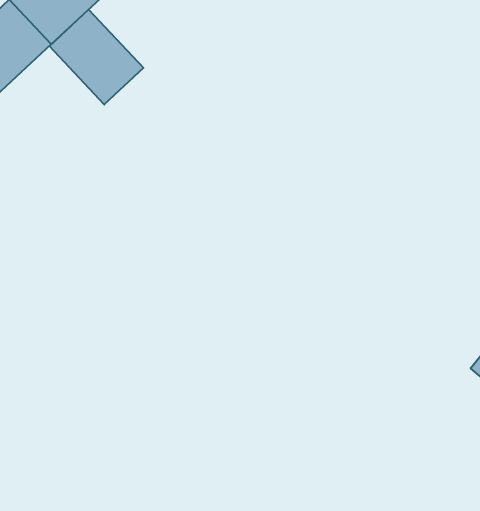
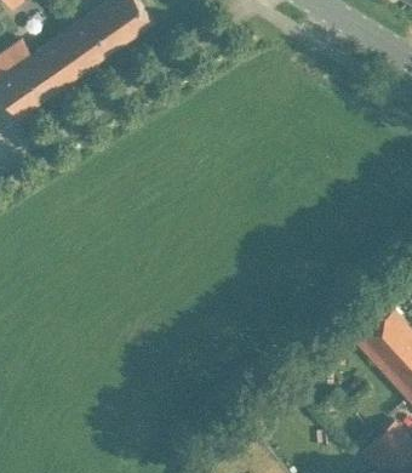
building: [50,9,143,105] -> none

